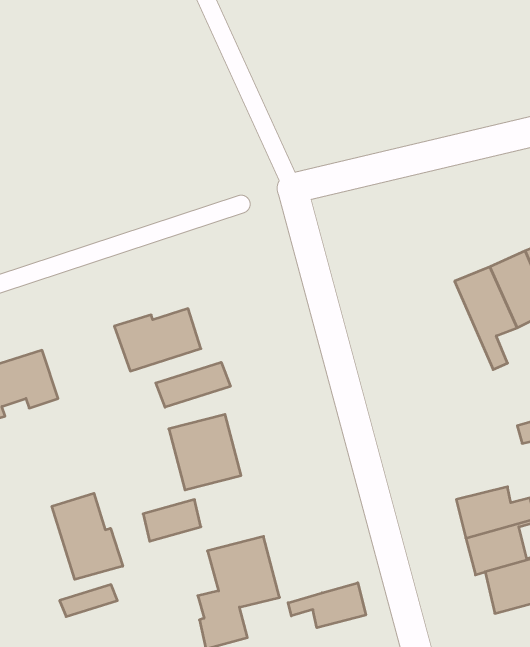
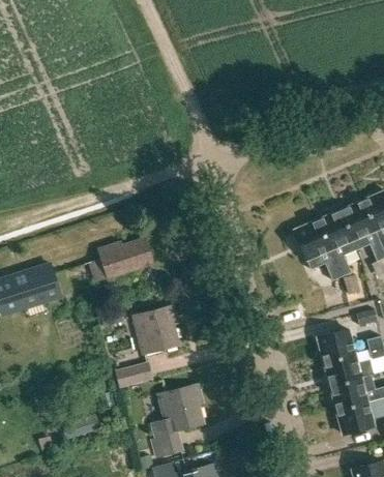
building: none -> [295,220,343,280]
building: [156,362,230,407] -> none
building: none -> [313,328,352,361]
building: [52,493,123,579] -> none
building: [288,583,366,628] -> none

